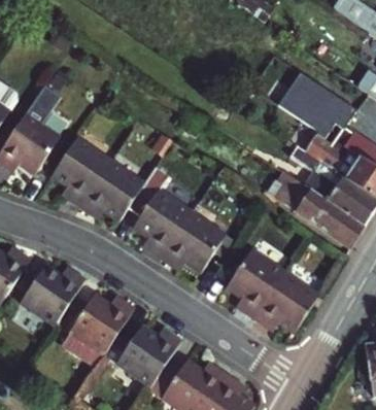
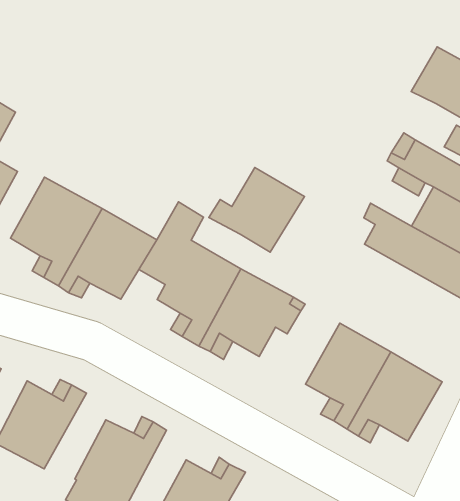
building: [277,82,331,128] -> none
building: none -> [209,167,305,252]

